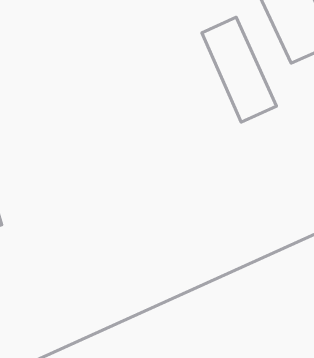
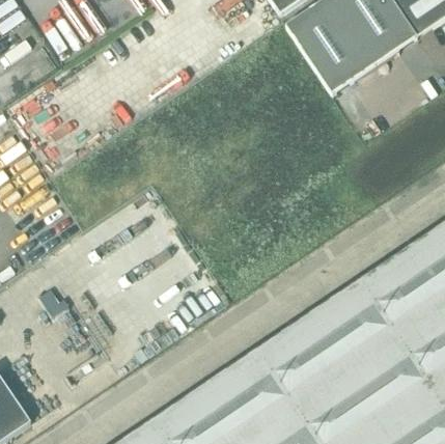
building: [202,17,277,122] -> none

